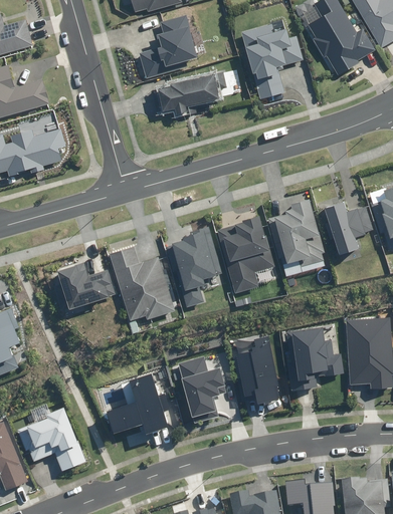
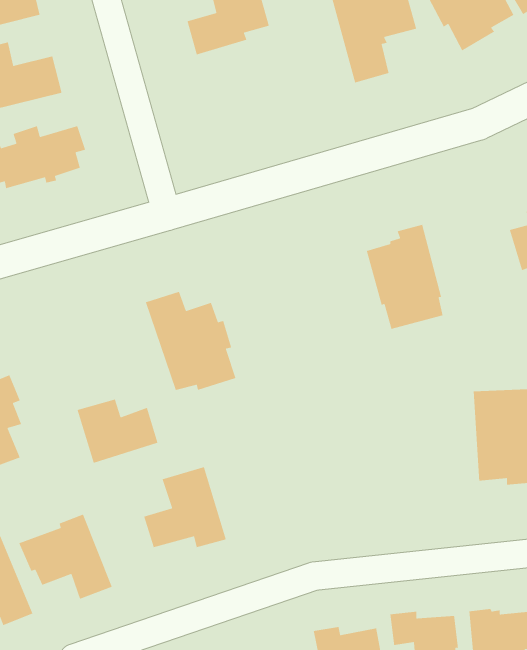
building: [152,70,229,114] -> none
building: [324,202,372,255] -> none
building: [217,216,276,293] -> none
building: [169,227,221,307] -> none
building: [55,263,115,310] -> [77,398,159,464]
building: [286,327,344,391] -> none
building: [237,335,278,404] -> none
building: [177,356,225,424] -> none

